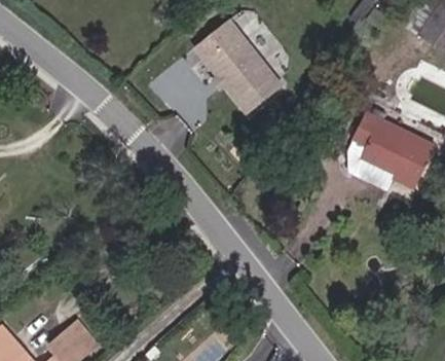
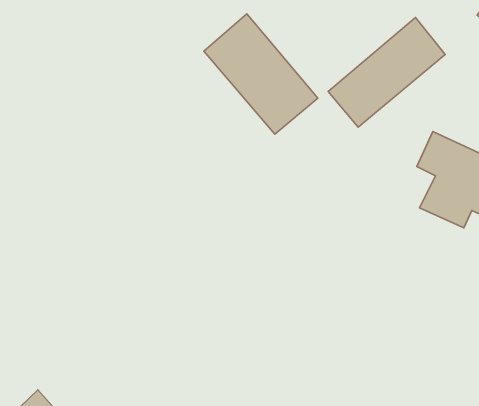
building: none -> [328,18,445,127]

